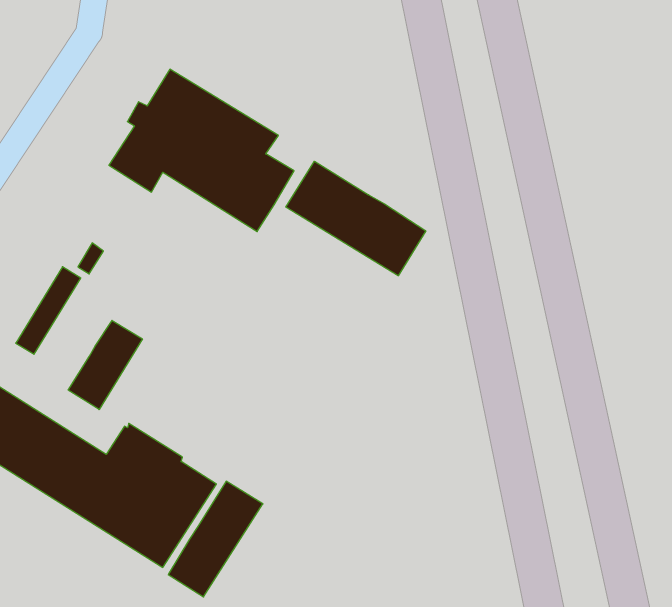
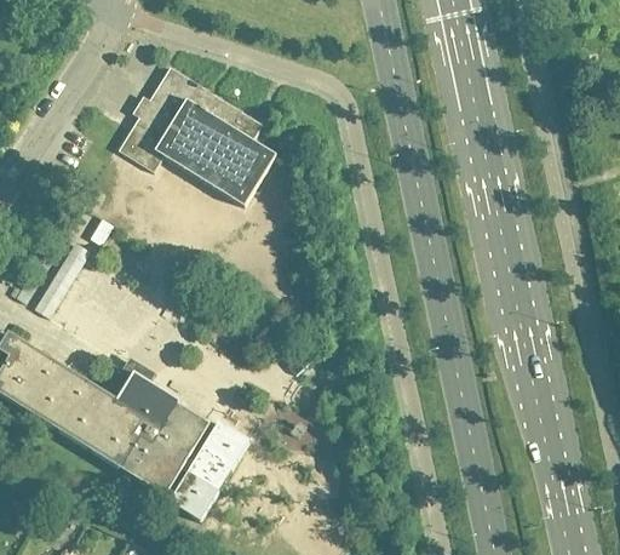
building: [286,161,426,276] -> none
building: [68,320,142,410] -> none

